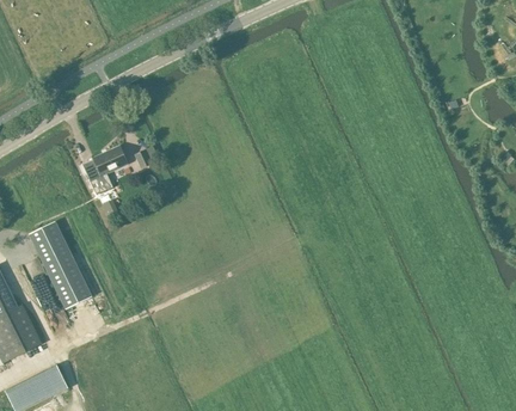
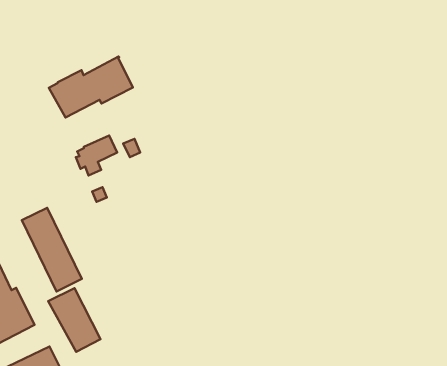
building: none -> [49,57,133,118]
building: none -> [48,288,101,352]

